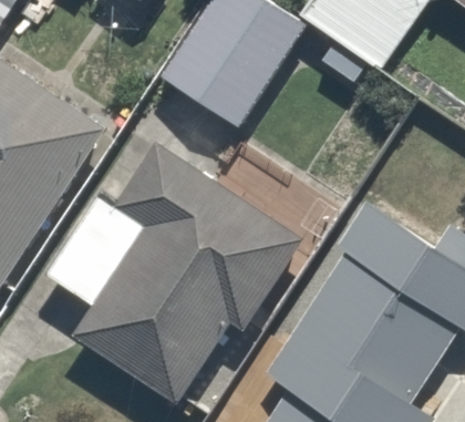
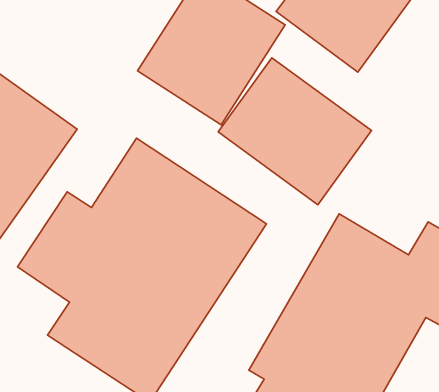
building: none -> [218,58,371,205]

